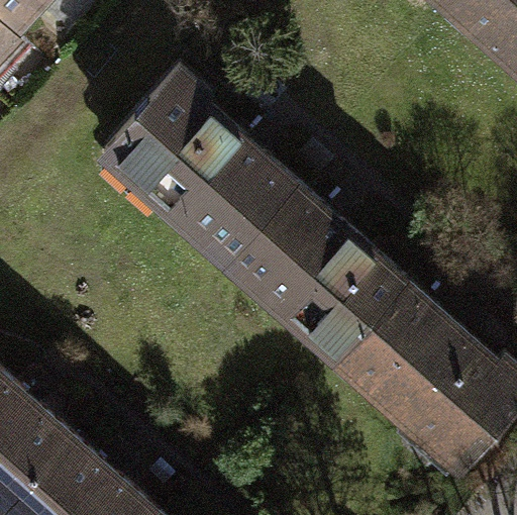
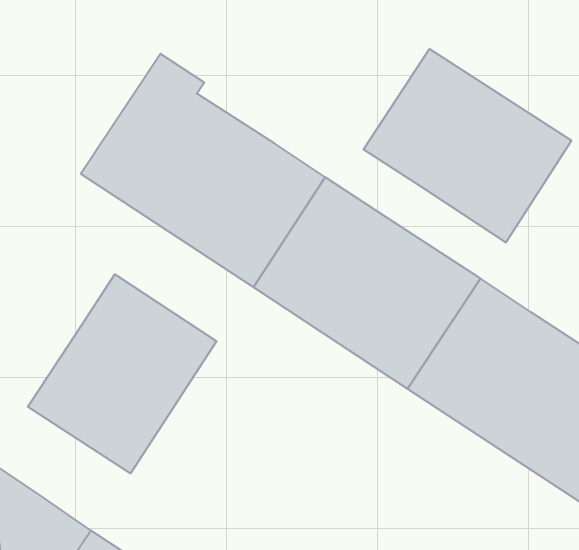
building: none -> [364,49,571,243]
building: none -> [28,274,216,473]

